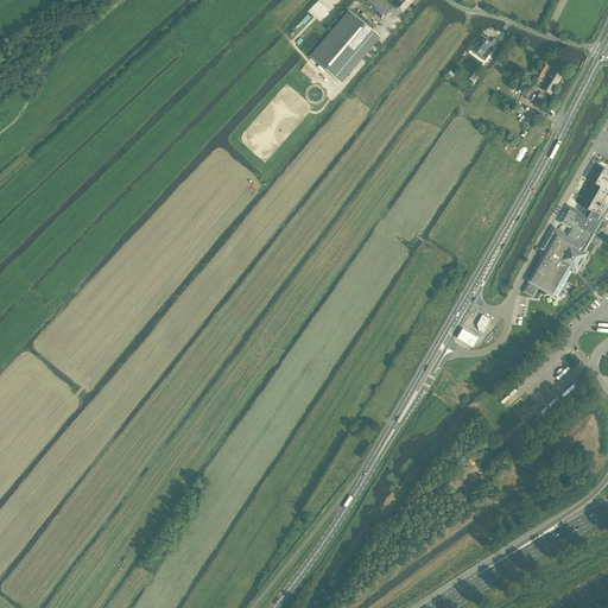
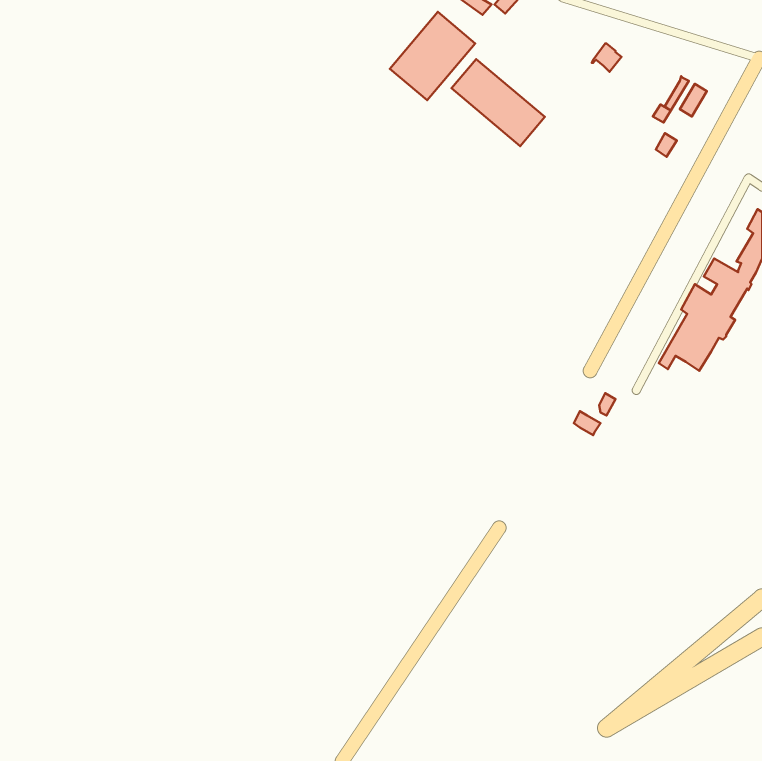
building: none -> [451,59,545,146]

